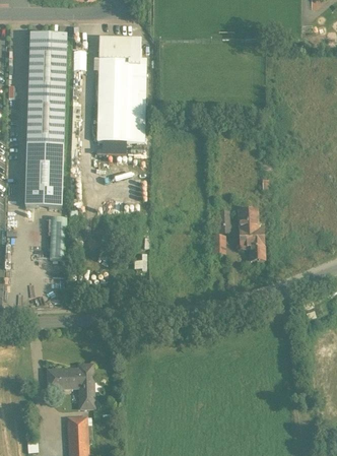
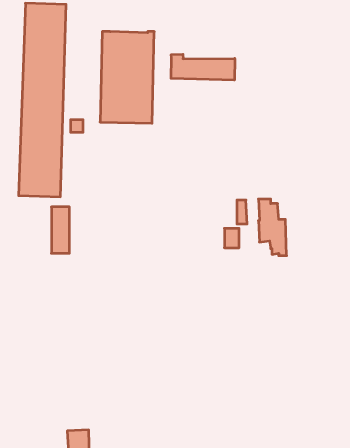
building: [99,37,140,58] -> none
building: none -> [171,54,235,80]
building: [48,363,94,406] -> none

